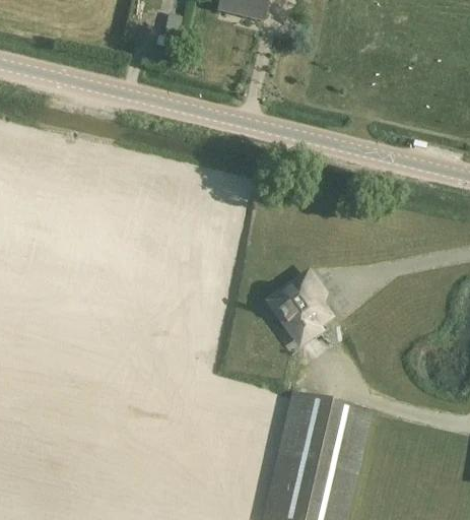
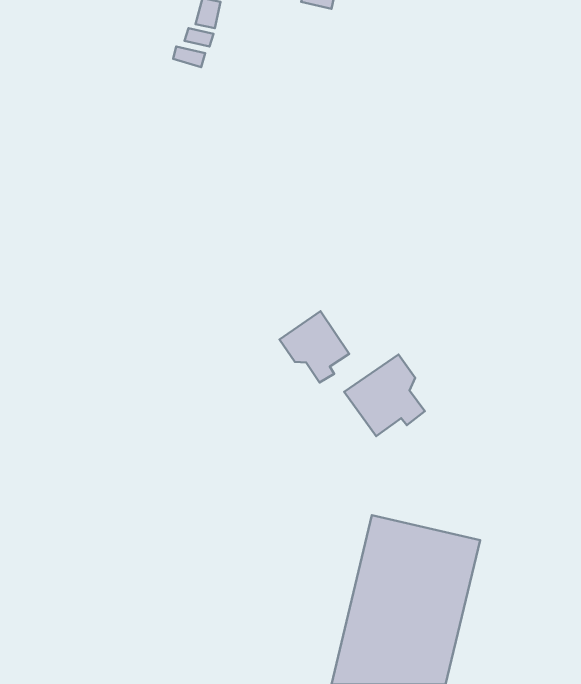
building: none -> [280,311,349,383]

